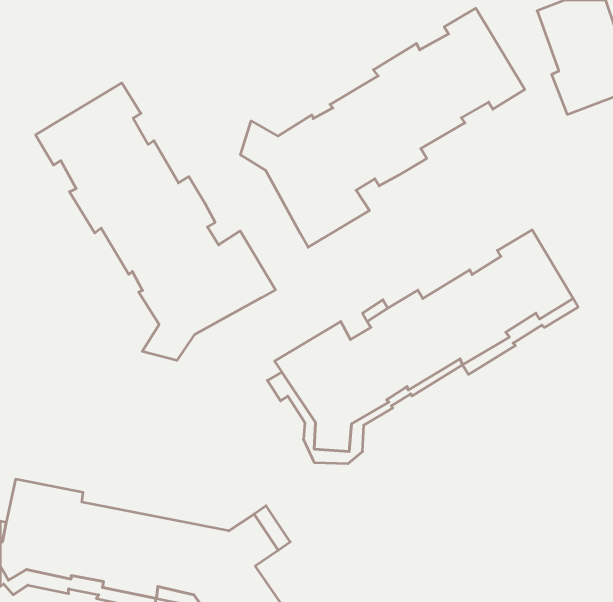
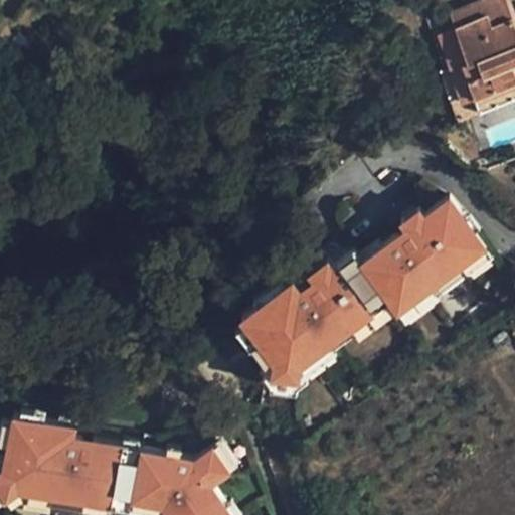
building: [241,8,525,247] -> none
building: [36,83,275,360] -> none

